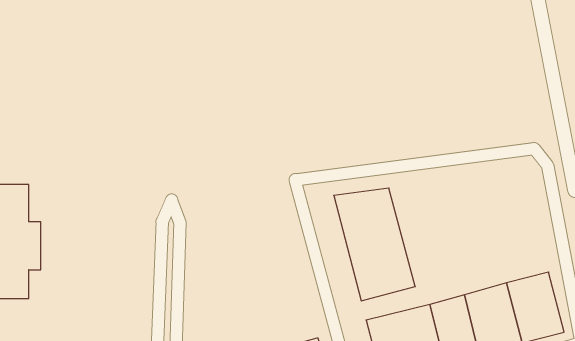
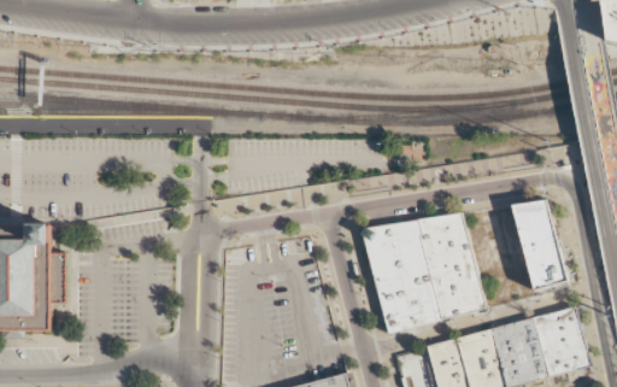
building: none -> [506,199,569,292]
building: none -> [416,212,486,319]

